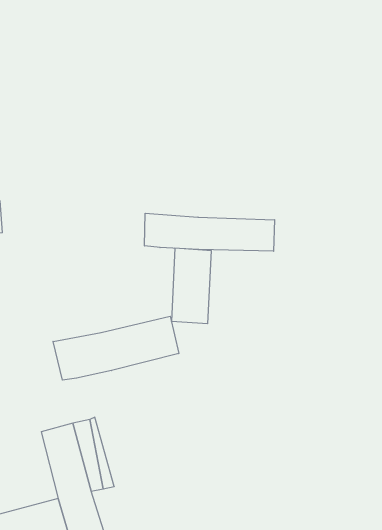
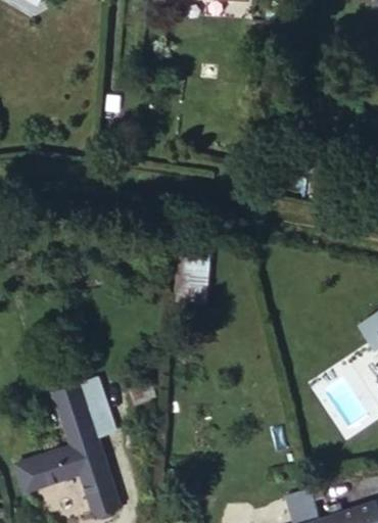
building: [145,213,275,251] -> none
building: [53,316,179,380] -> none

